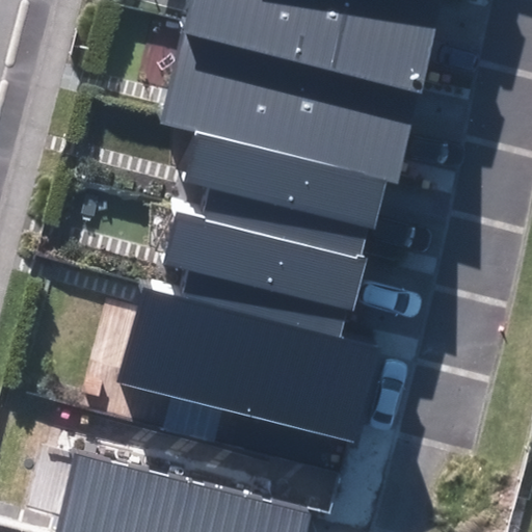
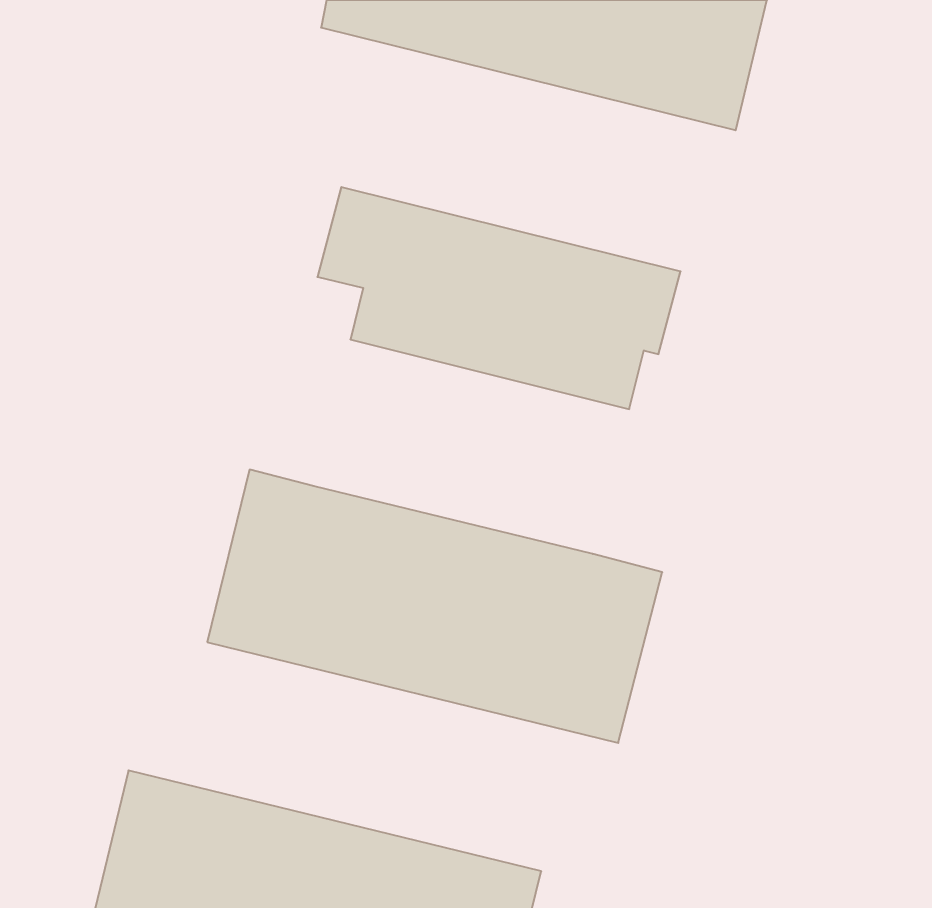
building: [165,32,420,172] -> none
building: [162,203,367,330] -> none

